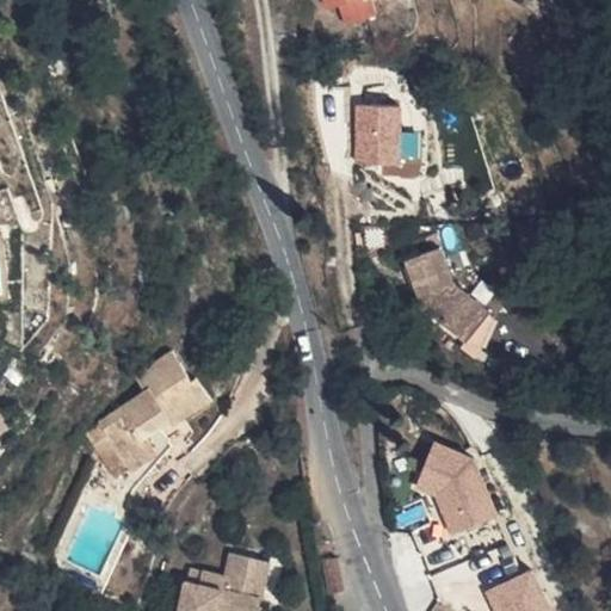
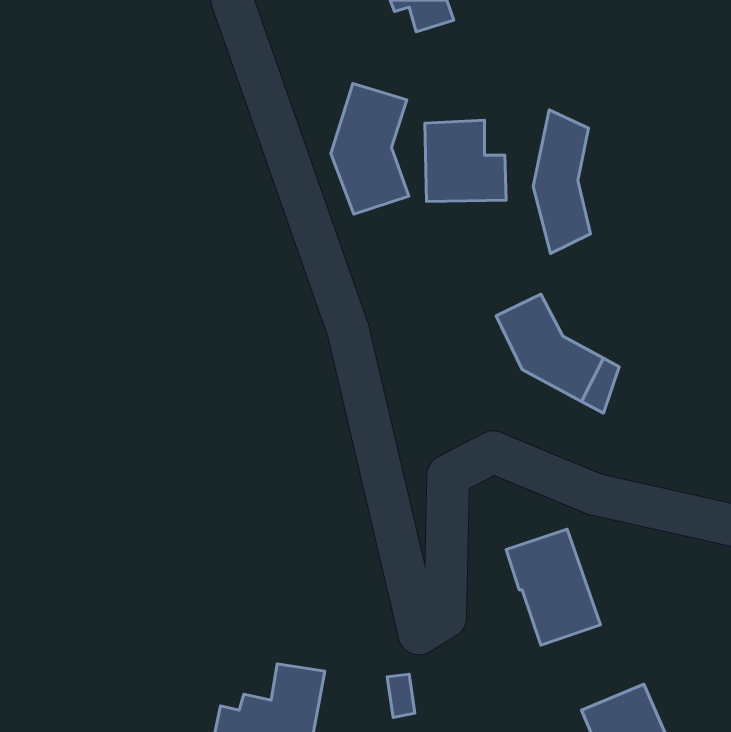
building: none -> [331,84,409,214]
building: none -> [533,110,591,253]
building: [82,357,197,475] -> none

